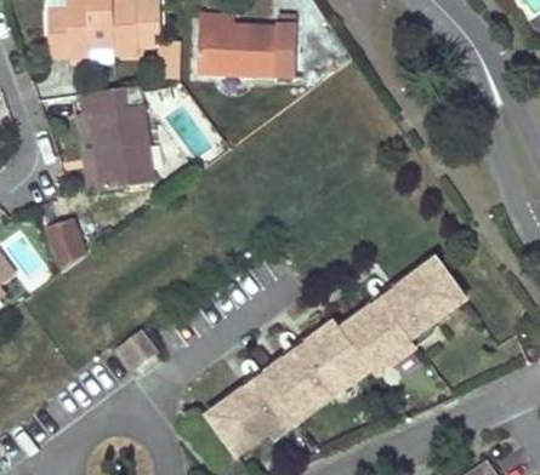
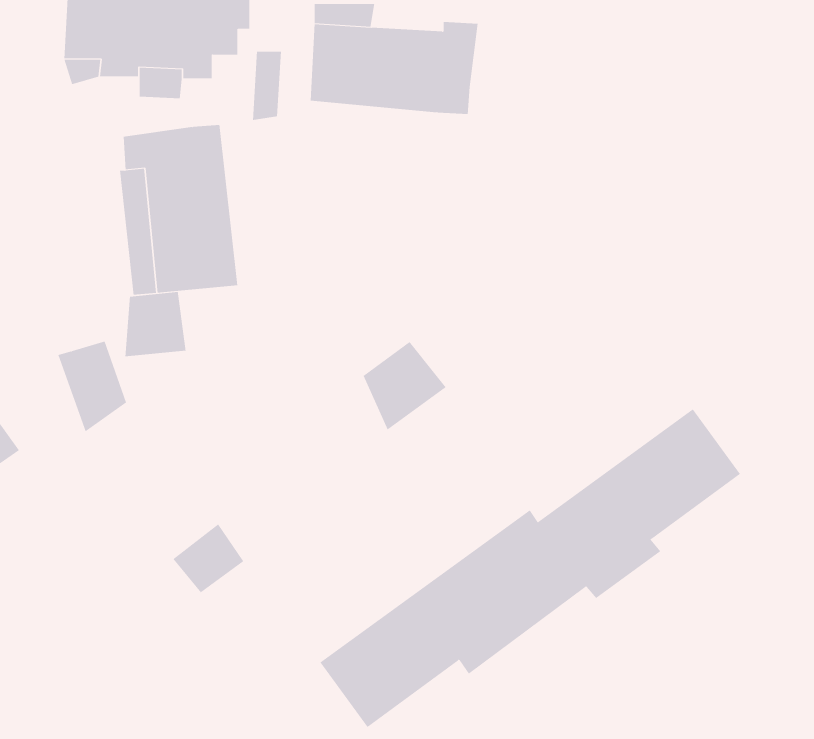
building: none -> [125,291,186,357]
building: none -> [363,341,447,430]

